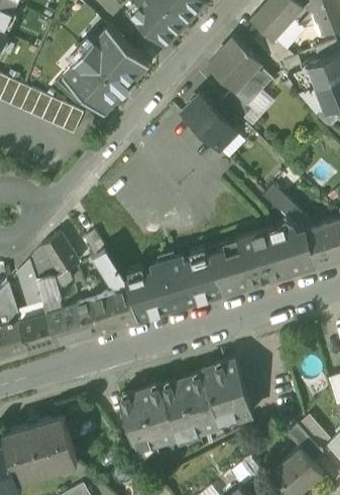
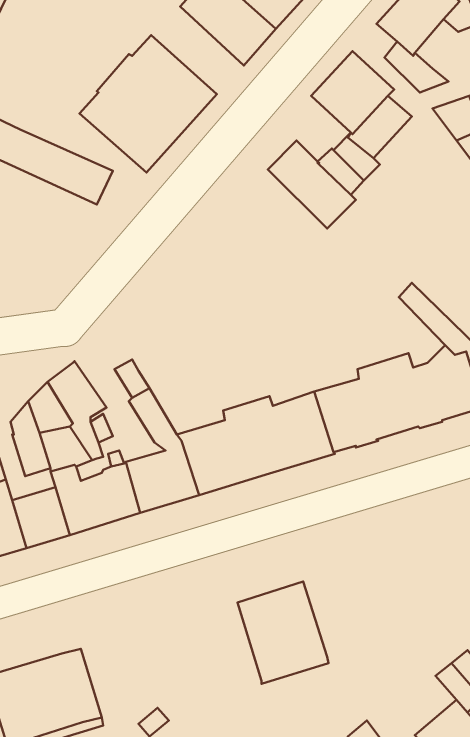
building: [203,360,253,421] -> none
building: [119,385,178,456] -> none

